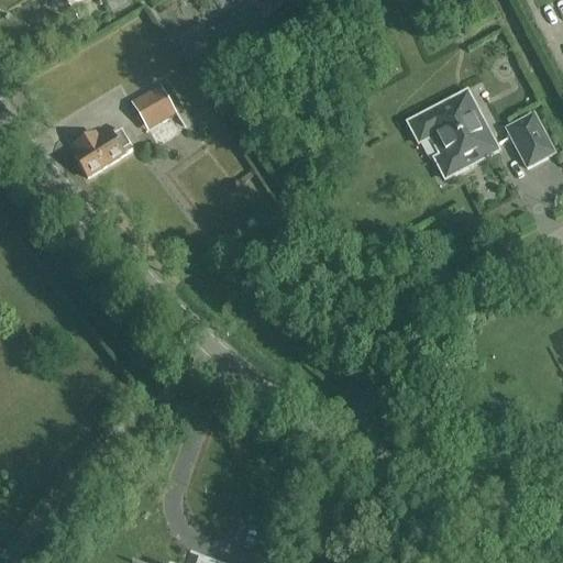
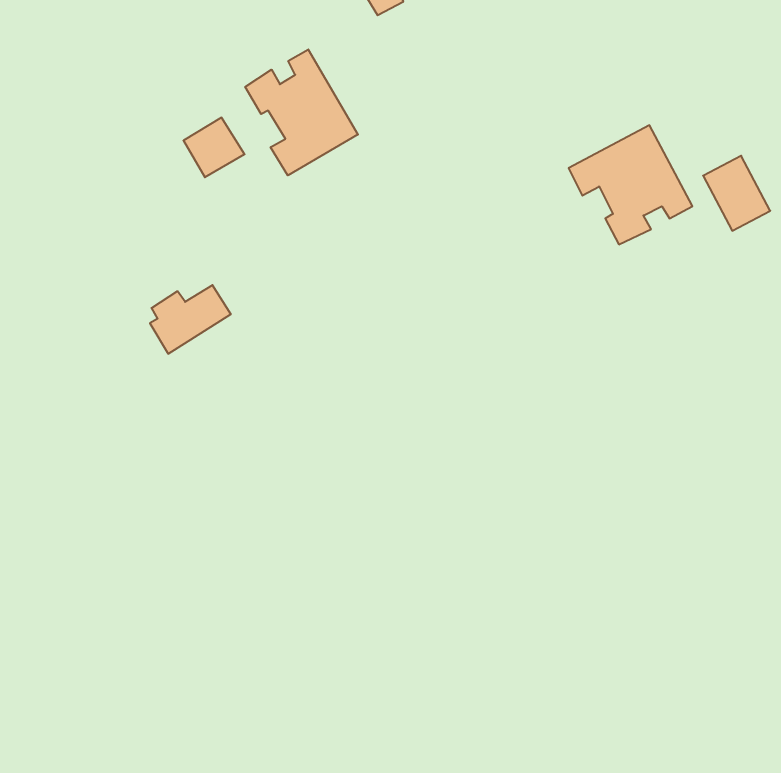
building: none -> [245,49,358,175]
building: [74,125,132,175] -> [150,285,231,354]

